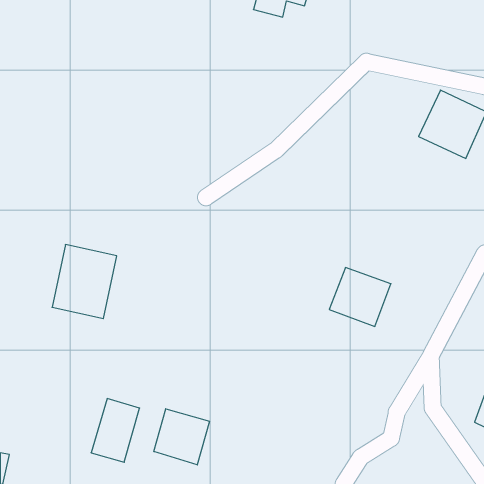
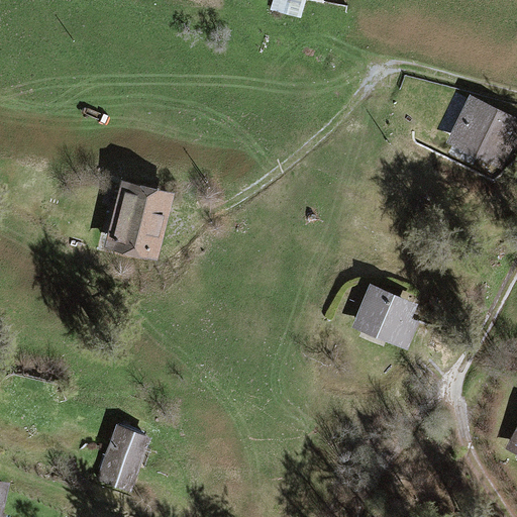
building: [52,245,117,319] -> [105,179,174,257]
building: [154,409,210,465] -> none

